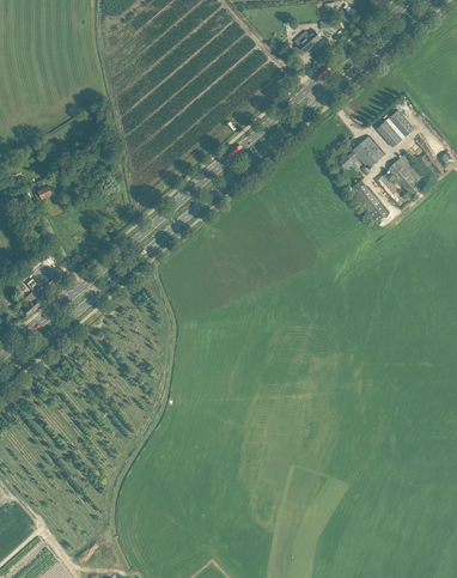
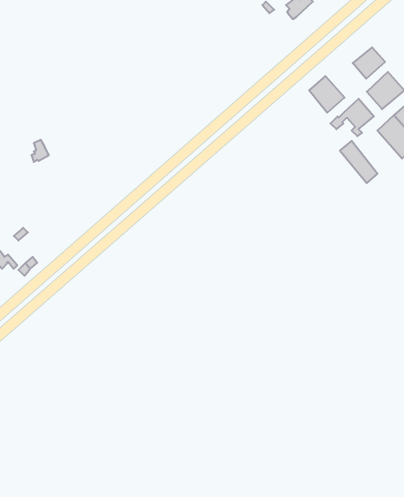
building: none -> [353,47,385,79]
building: none -> [309,76,345,113]

